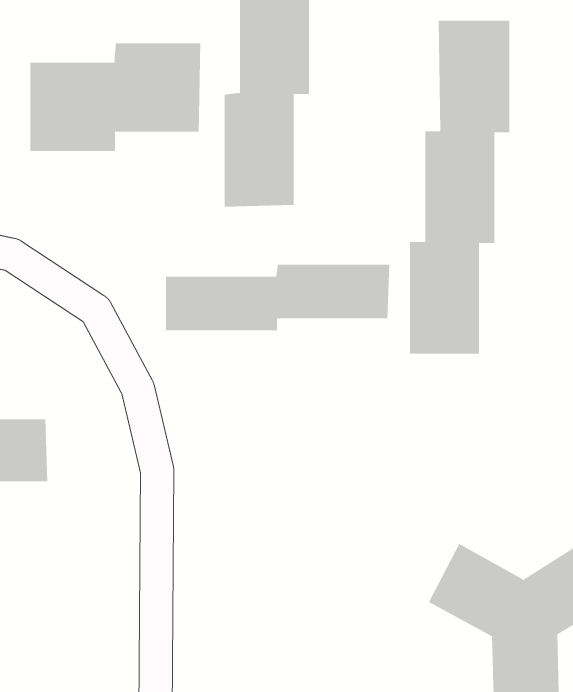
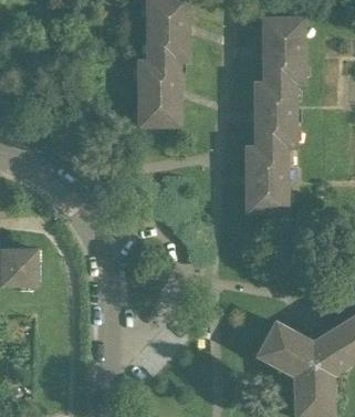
building: [30,42,201,152] -> none
building: [165,264,390,331] -> none

